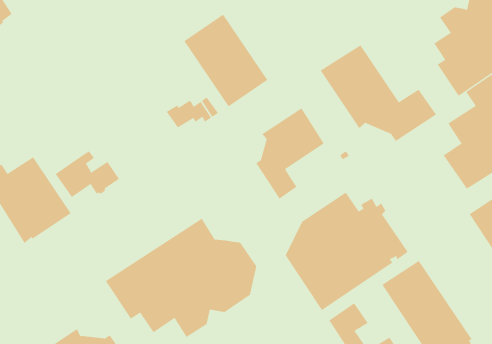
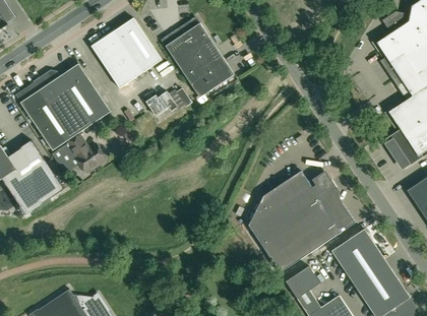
building: none -> [90,18,162,88]
building: [320,44,437,142] -> none
building: none -> [14,64,110,150]
building: [256,108,324,200] -> none
building: [105,218,257,338] -> none

